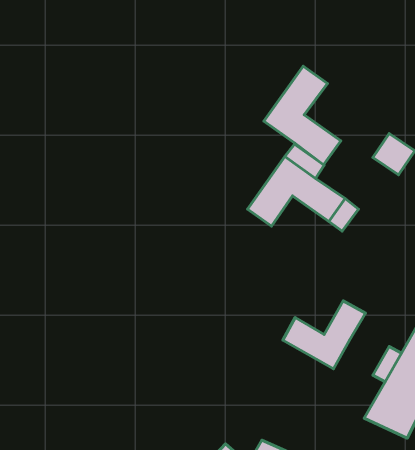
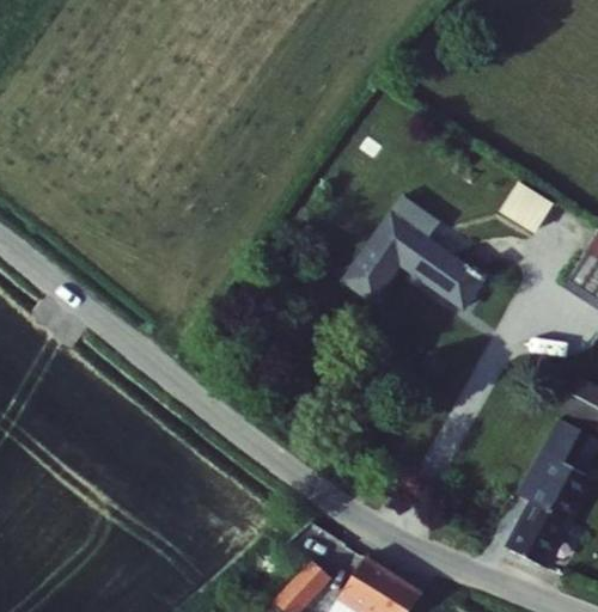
building: [264,66,341,165] -> none
building: [283,301,365,369] -> none

